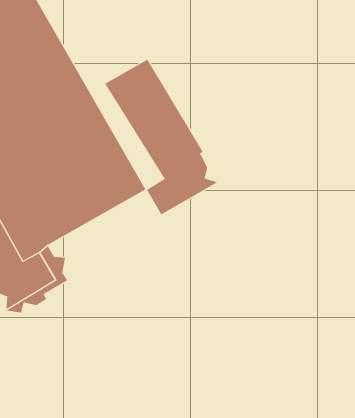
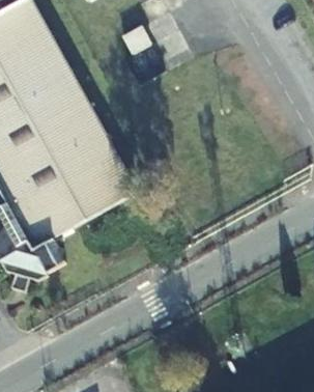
building: [105,59,218,215] -> none

